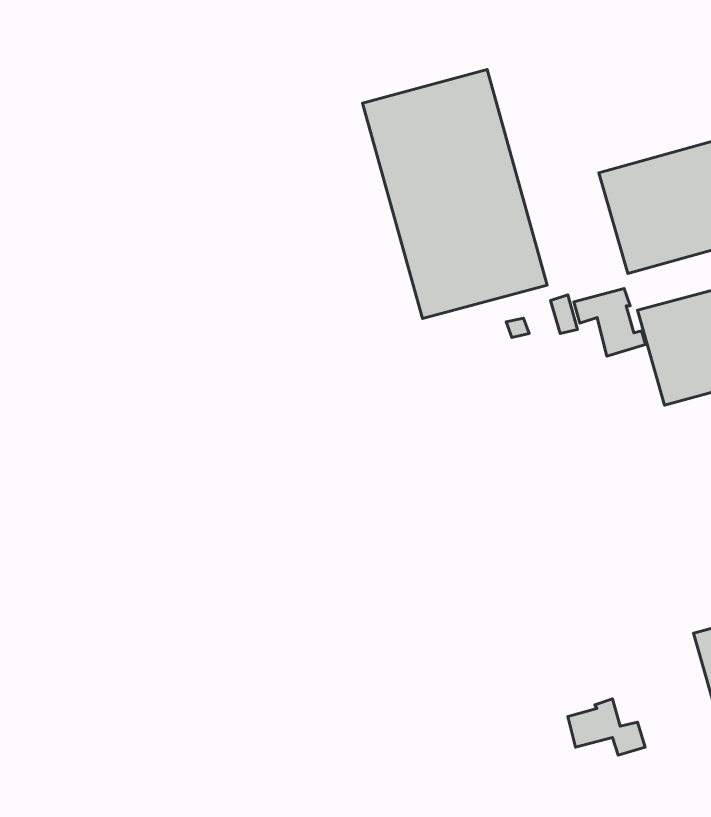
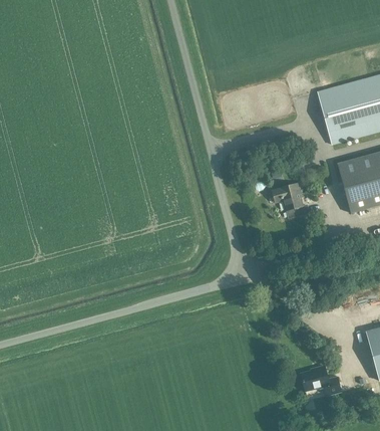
building: [363,70,547,319] -> none
building: [574,288,645,356] -> [272,182,309,217]

